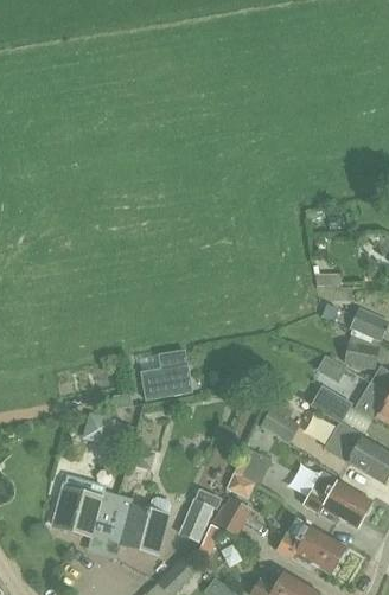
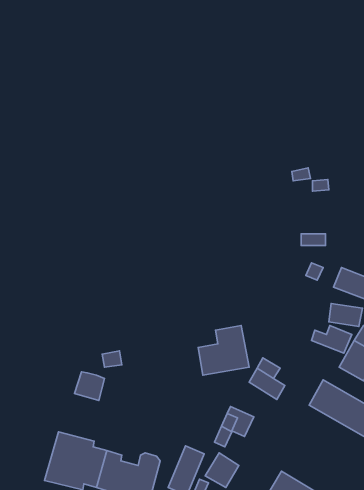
building: [140,350,192,401] -> [198,325,249,375]
building: [311,388,352,426] -> none
building: [304,474,371,527] -> none

